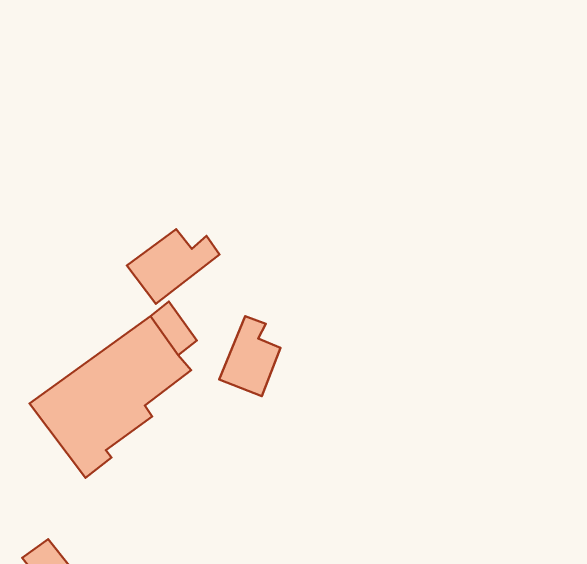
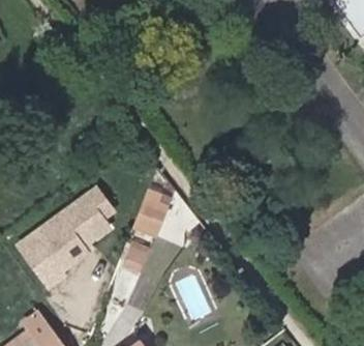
building: [127,229,220,304] -> none

